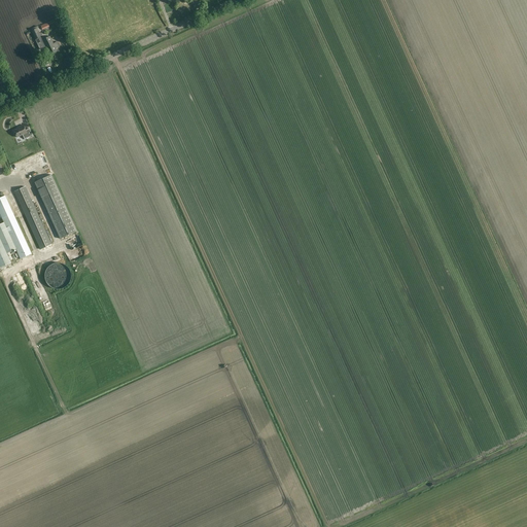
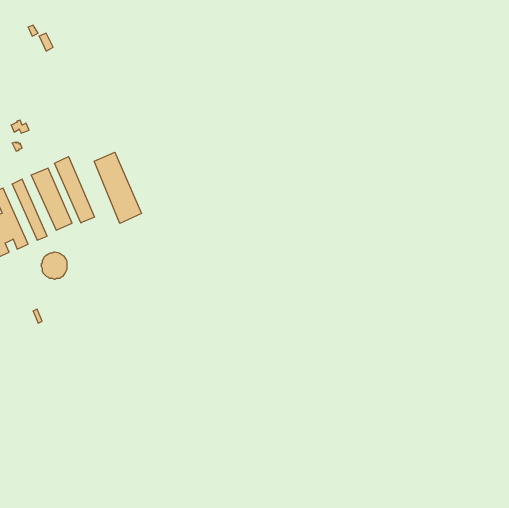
building: none -> [94,152,142,223]
building: none -> [55,157,94,223]

